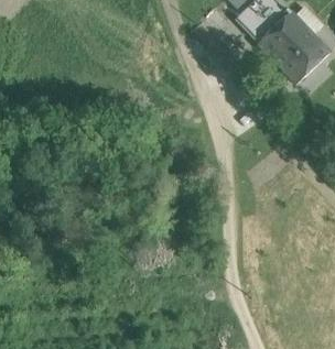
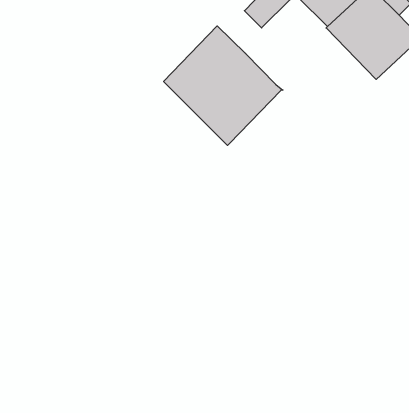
building: none -> [164,26,283,145]

